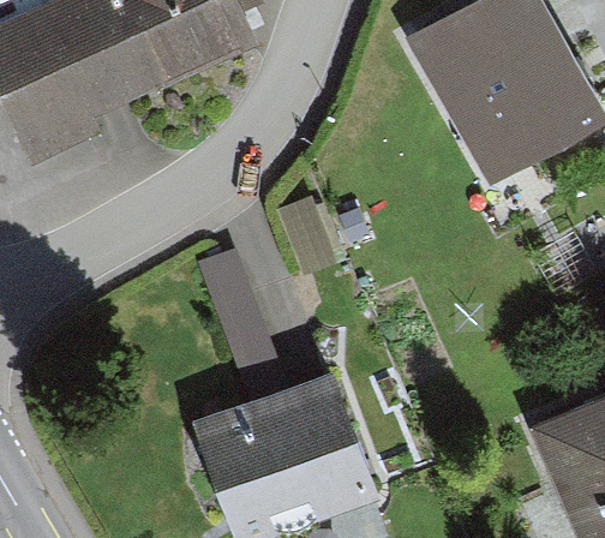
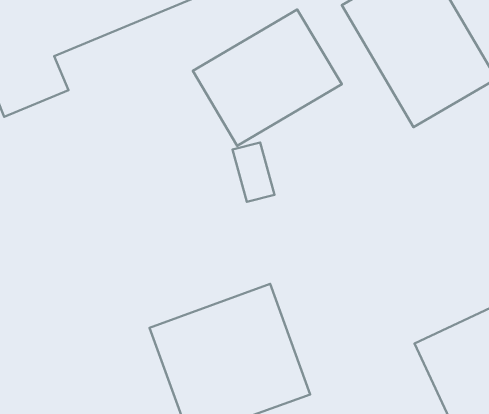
building: none -> [193,9,342,146]

